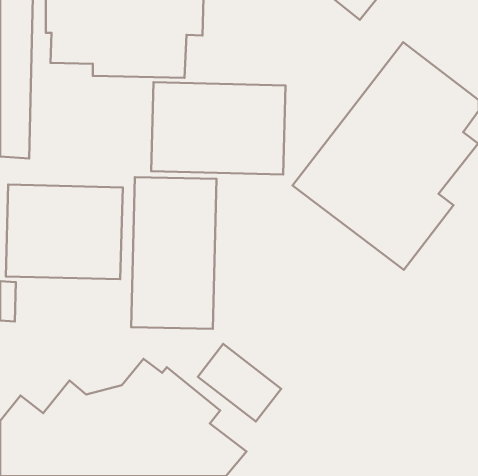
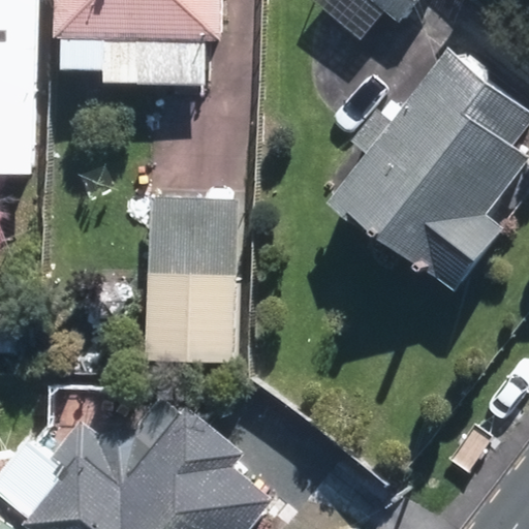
building: [151,82,285,174] -> none
building: [6,185,123,279] -> none

